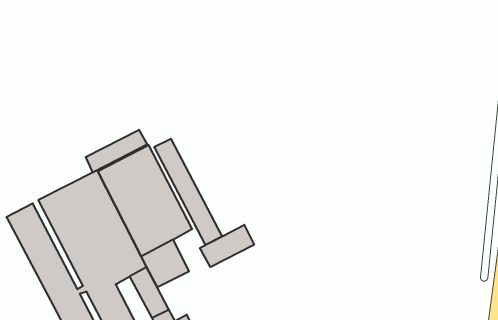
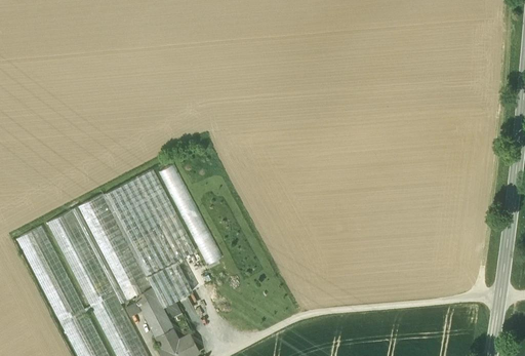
building: [86,130,147,172] -> none
building: [200,225,254,267] -> none

